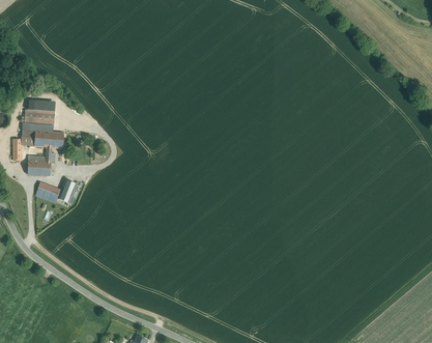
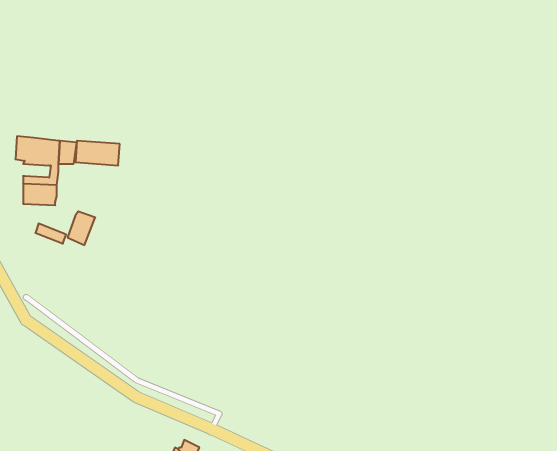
building: [24,108,54,124] -> [75,141,120,165]

